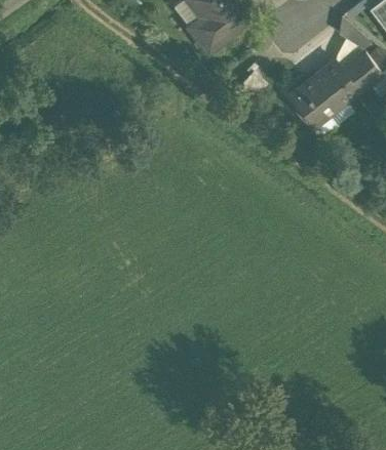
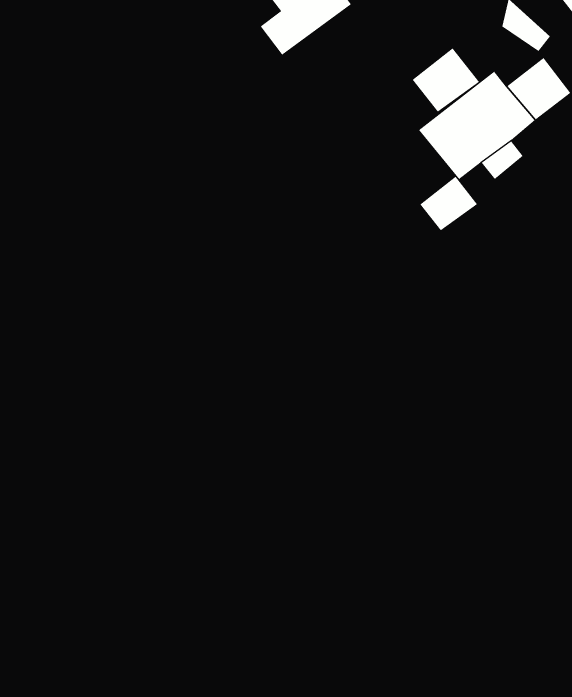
building: none -> [412,47,480,112]
building: none -> [420,176,478,231]

